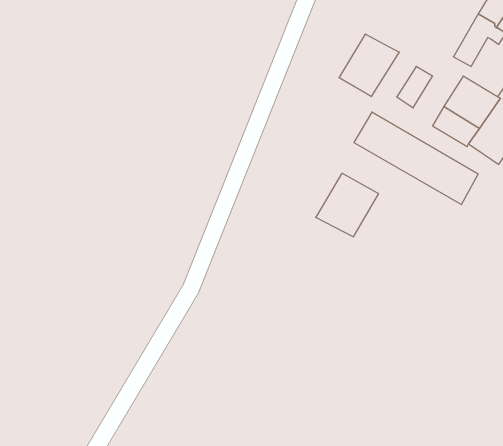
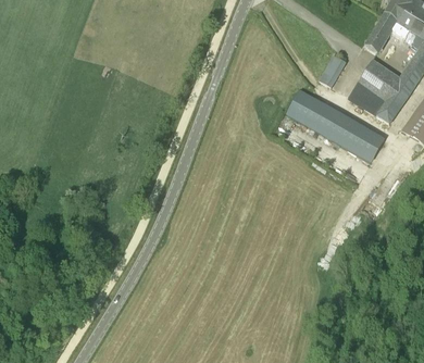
building: [339,34,399,97] -> none
building: [316,173,378,237] -> none

